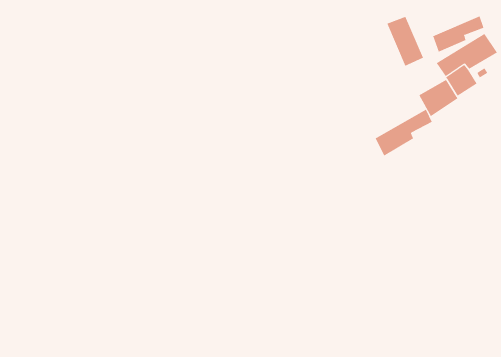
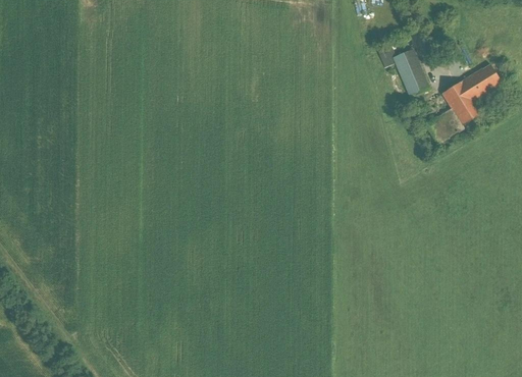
building: [432,16,484,53] -> none
building: [375,109,433,156] -> none

